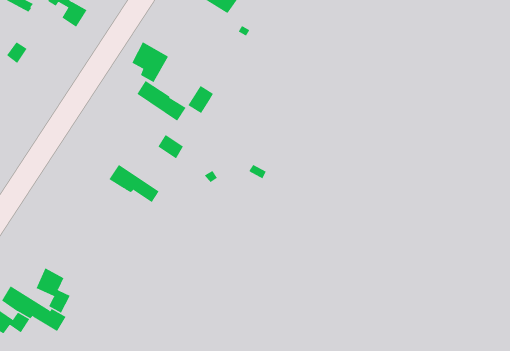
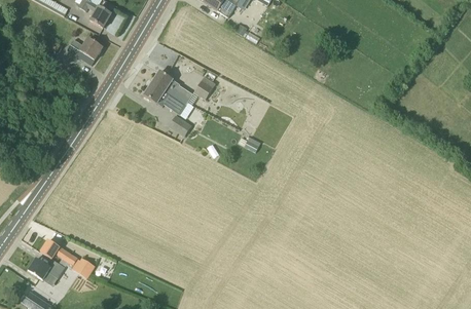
building: none -> [67,37,102,65]
building: [108,164,160,203] -> [143,82,185,114]
building: [36,267,71,313] -> none

